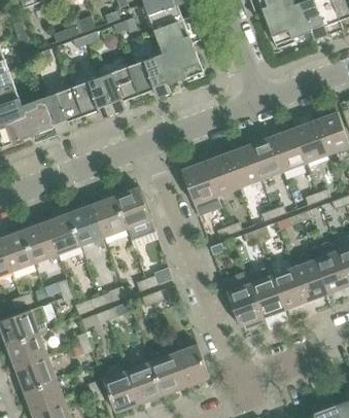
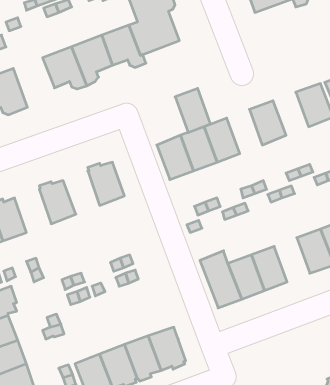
building: [44,88,83,135] -> none
building: [292,120,326,162] -> none
building: [248,137,282,179] -> [175,88,211,133]
building: [92,194,127,237] -> none
building: [45,211,80,254] -> none
building: [293,259,327,302] -> none

